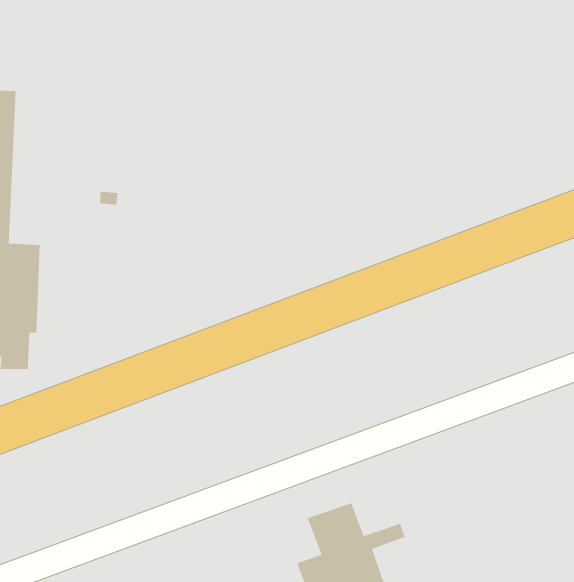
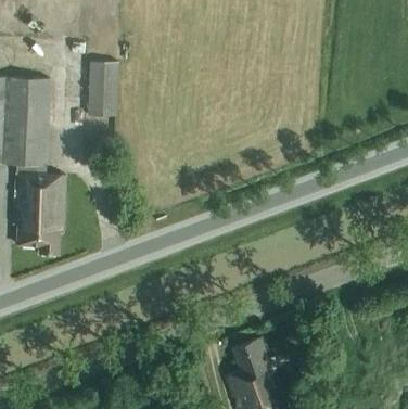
building: none -> [89,61,118,116]

